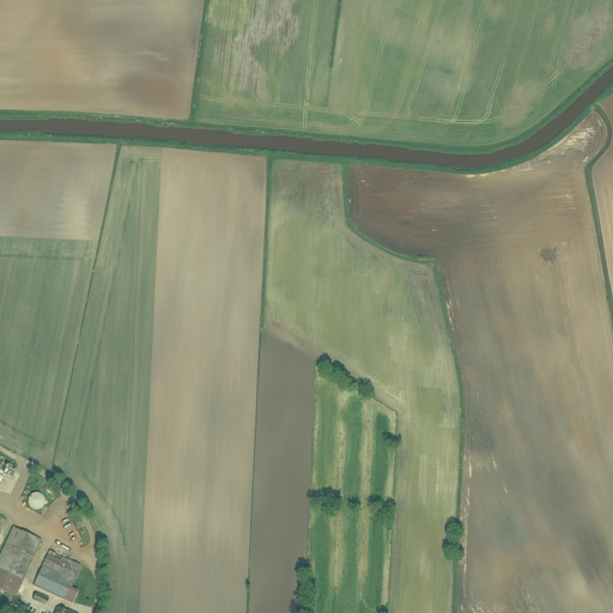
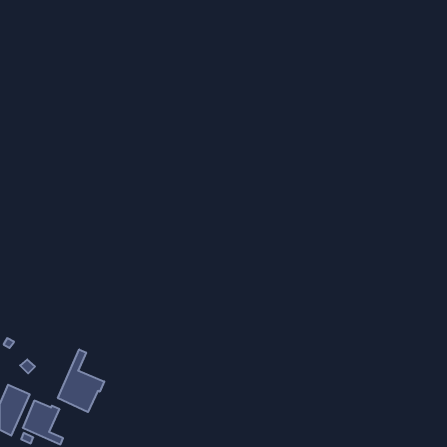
building: none -> [58,349,104,412]

